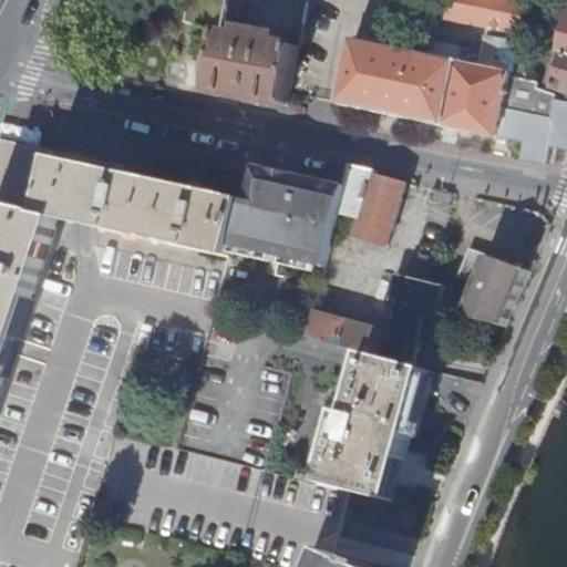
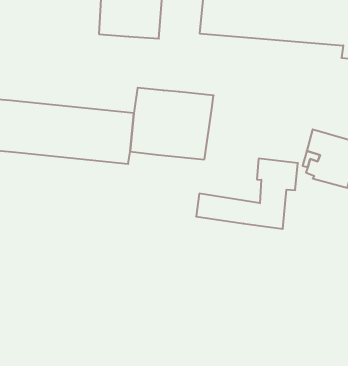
building: [339,164,401,238] -> none
building: [311,353,423,503] -> none

